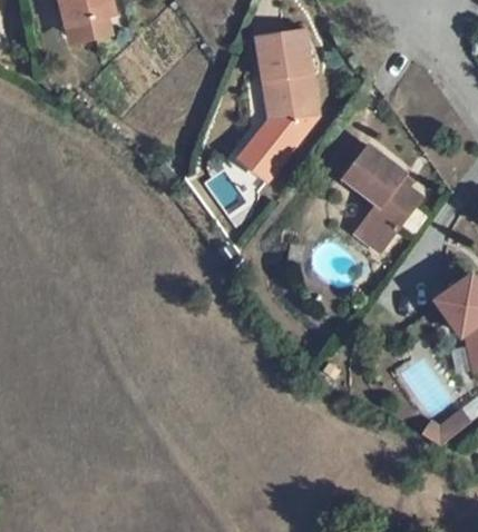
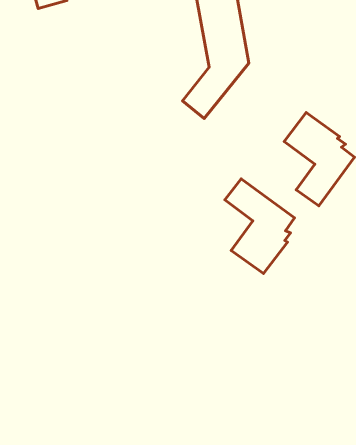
building: none -> [225,179,294,274]

